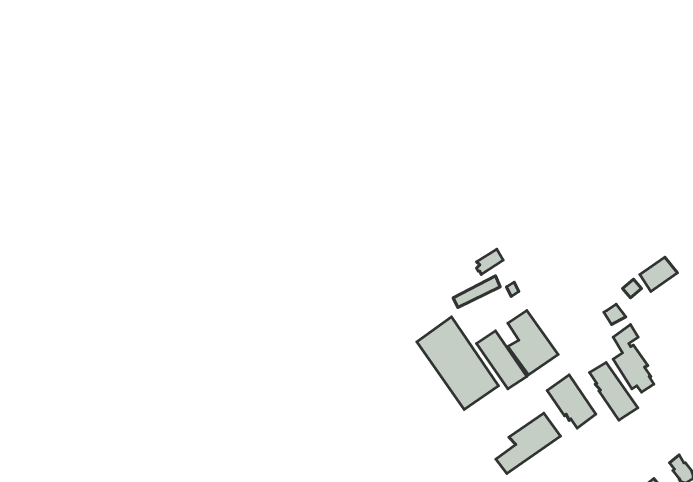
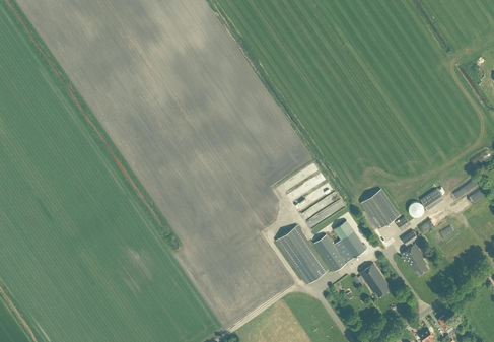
building: none -> [361,189,399,228]
building: [589,362,638,420] -> none
building: [496,413,561,473] -> none

